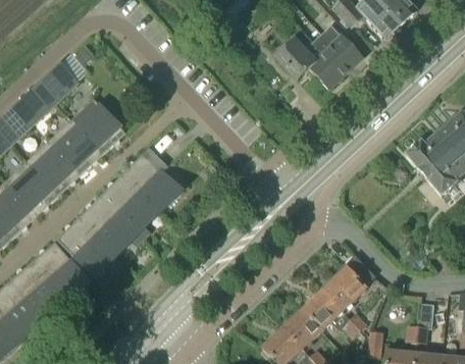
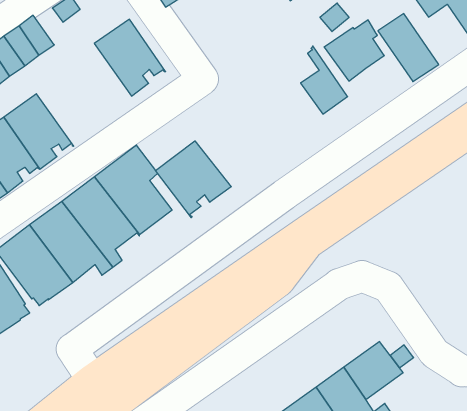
building: [310,39,346,88] -> [301,46,348,114]
building: [71,98,126,154] -> [94,19,166,96]
building: none -> [156,141,231,218]

